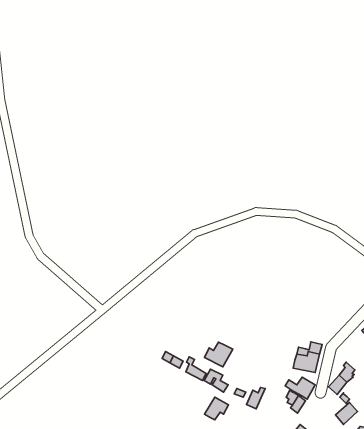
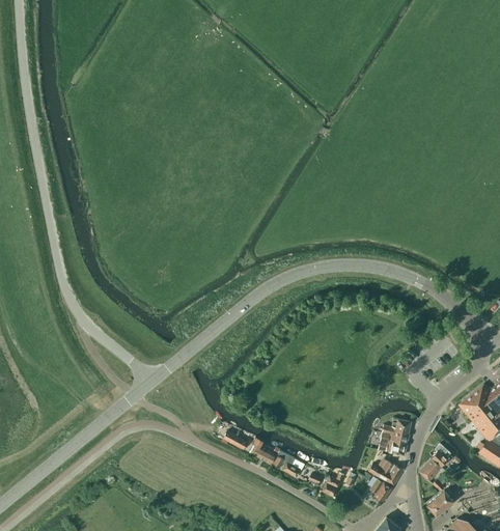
building: [204,342,233,367] -> none
building: [204,397,229,420] -> none

